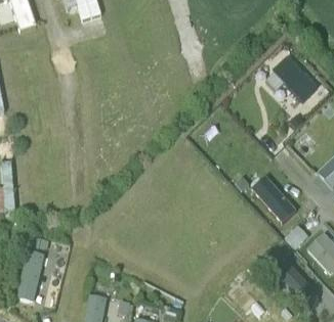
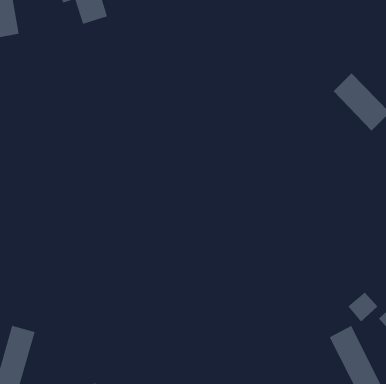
building: [250,175,297,223] -> none

